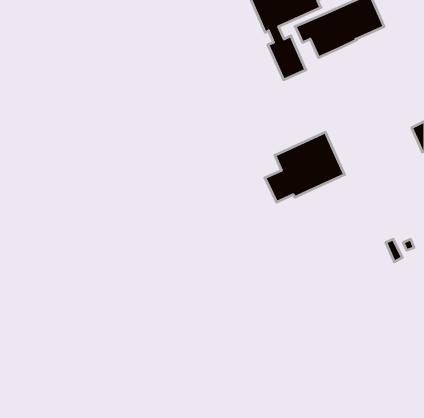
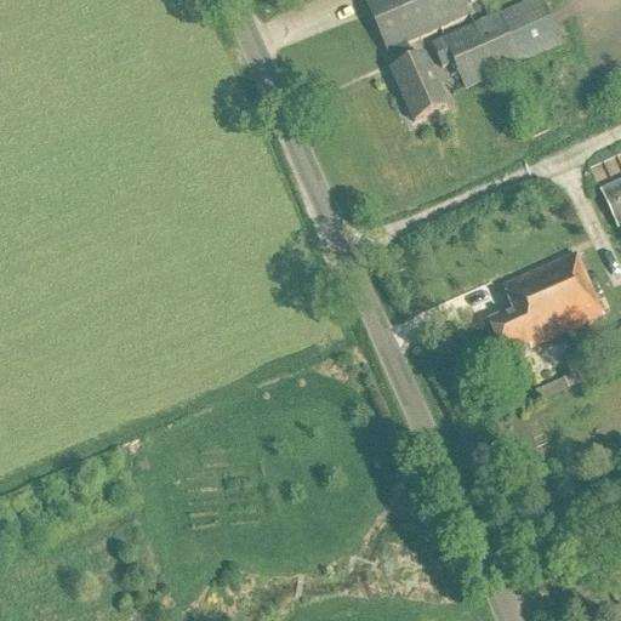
building: [265,132,345,202] -> [488,250,604,352]

